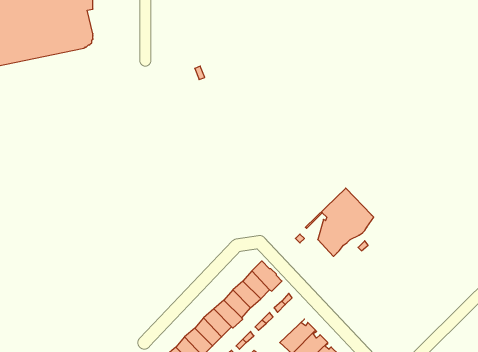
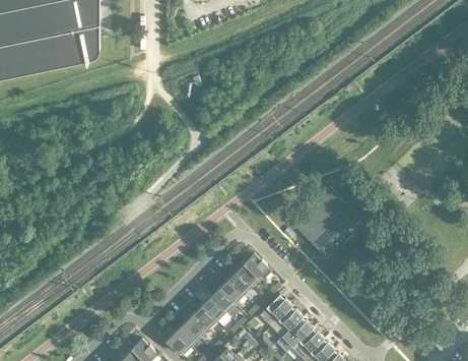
building: none -> [258,294,290,325]

